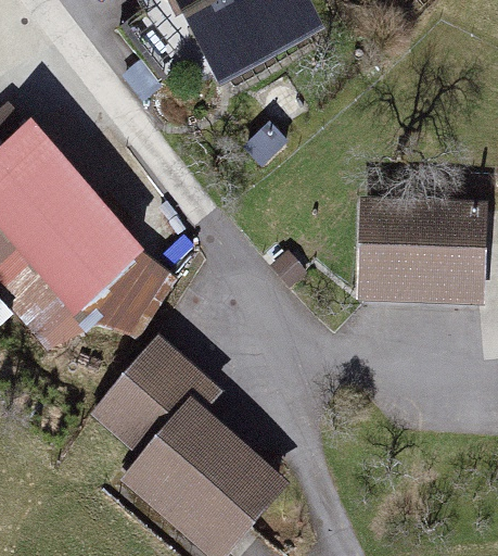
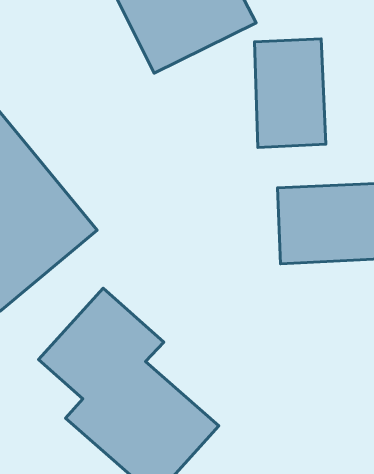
building: none -> [254,39,326,147]

